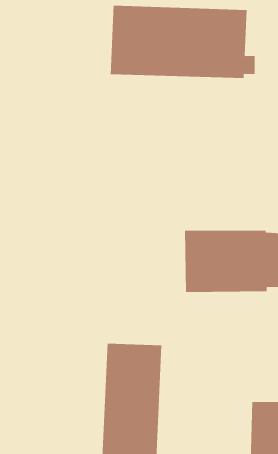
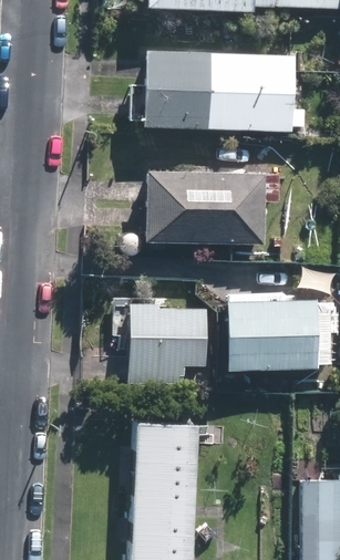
building: none -> [144,170,280,245]
building: none -> [128,303,207,383]

